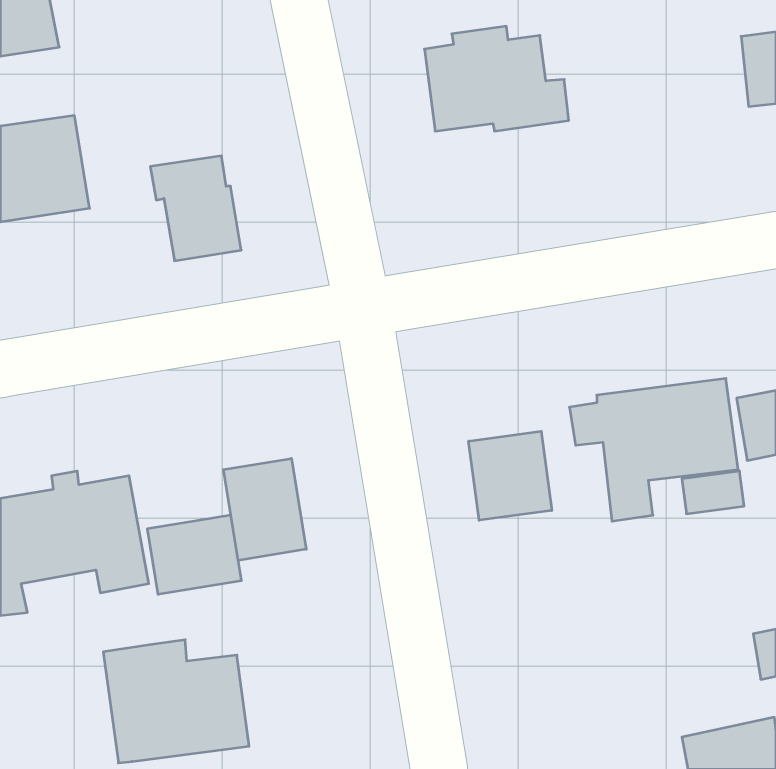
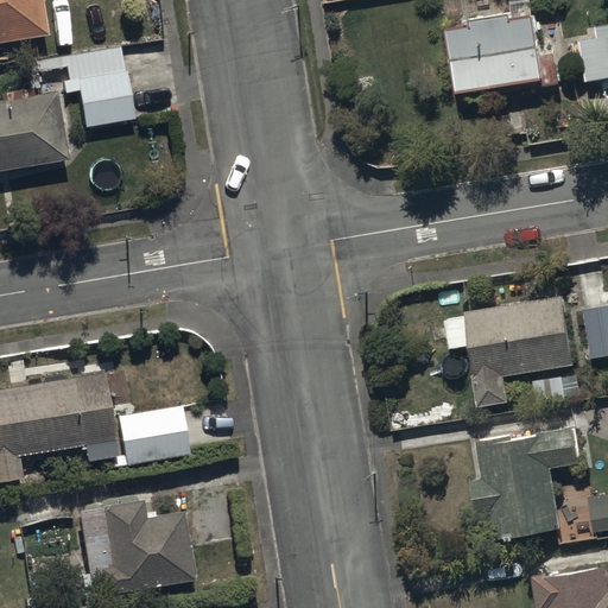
building: [424,26,569,131] -> [448,12,560,94]
building: [150,156,241,261] -> [64,45,135,127]
building: [469,431,552,520] -> none
building: [223,458,306,560] -> none
building: none -> [471,423,583,543]

